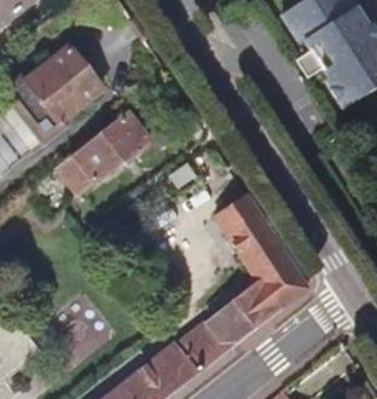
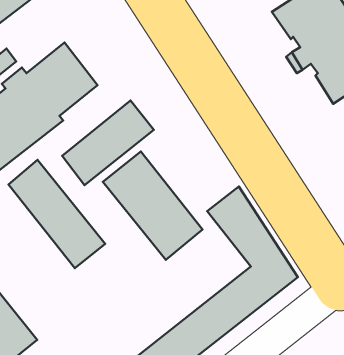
building: none -> [103,151,202,260]
building: none -> [9,160,105,268]

